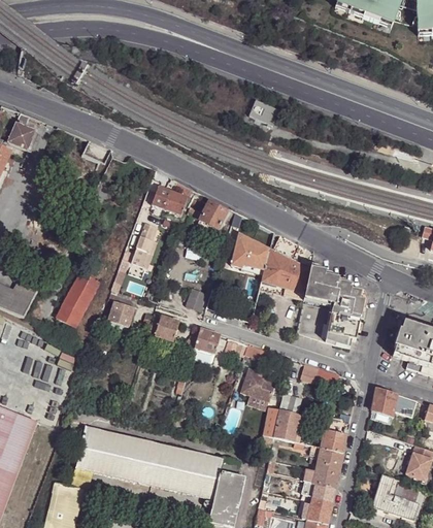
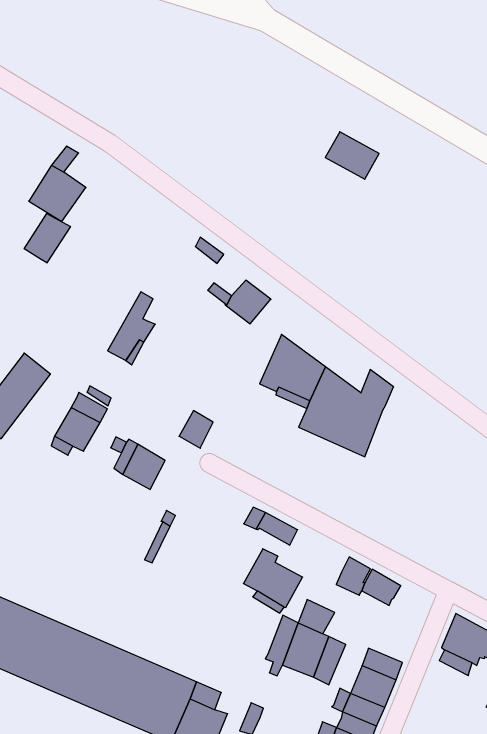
building: none -> [24,213,70,263]
building: [152,186,188,214] -> none
building: [296,268,364,348] -> none
building: [194,329,220,354] -> none

